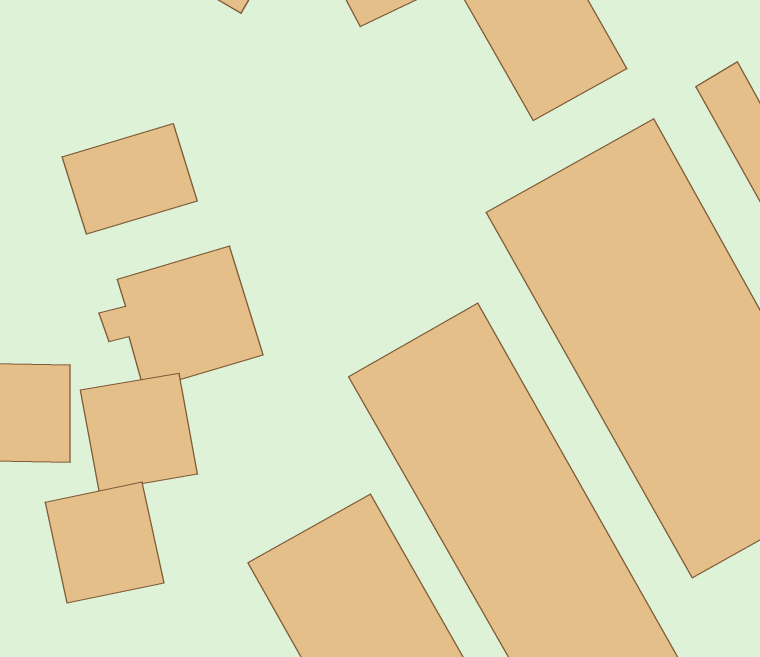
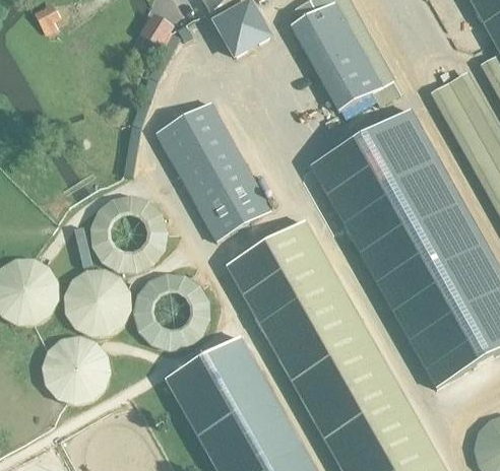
building: none -> [154,102,271,241]
building: [62,124,197,234] -> none
building: none -> [127,261,218,352]

